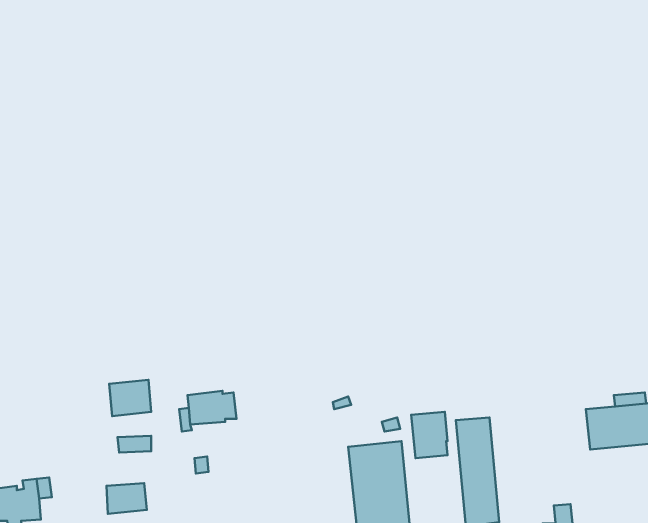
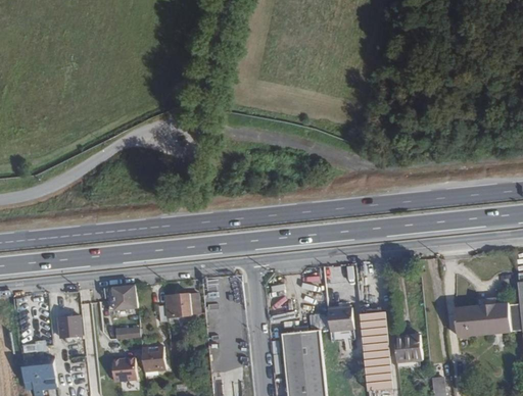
building: none -> [58,315,83,338]
building: none -> [393,335,419,362]
building: none -> [141,346,165,372]

